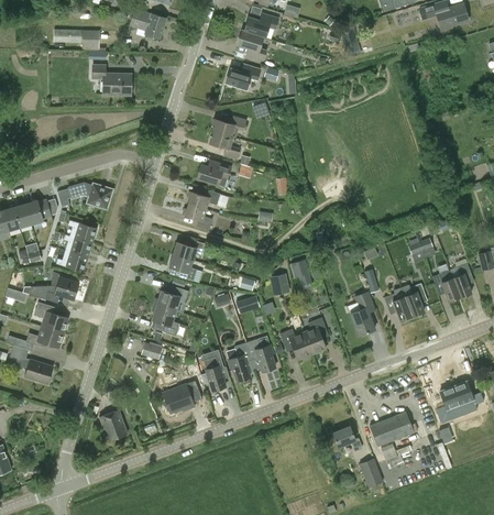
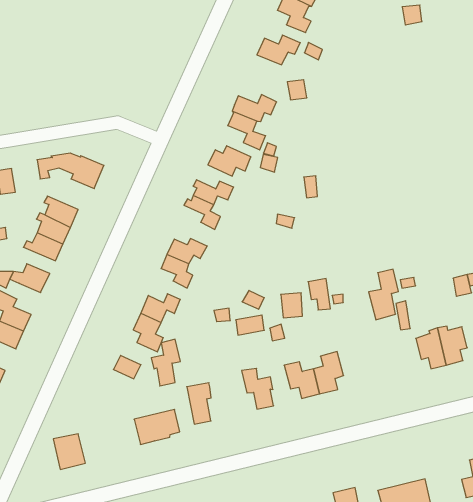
building: [91,64,132,96] -> none
building: [350,293,374,336] -> [369,269,398,320]
building: [228,342,252,382] -> [151,339,180,386]

